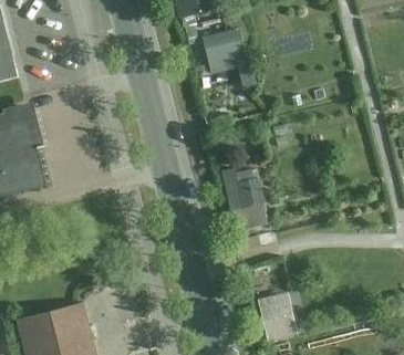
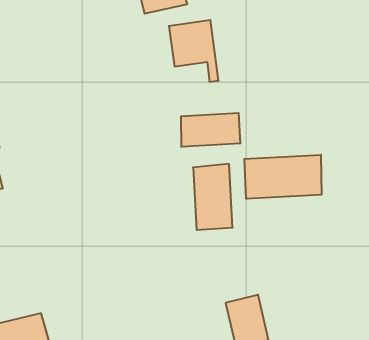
building: none -> [181,113,240,147]
building: none -> [244,155,321,199]

